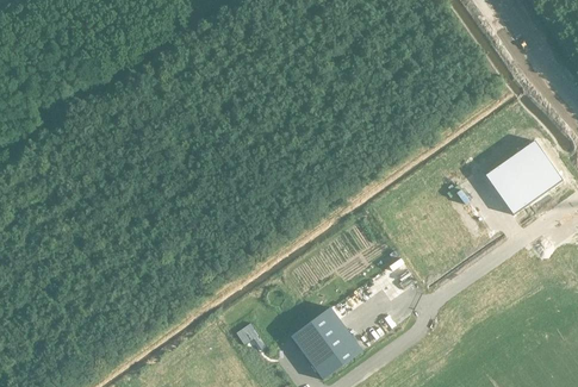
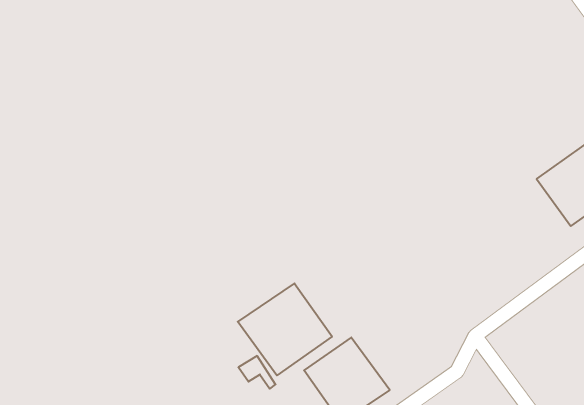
building: none -> [238,283,332,375]

